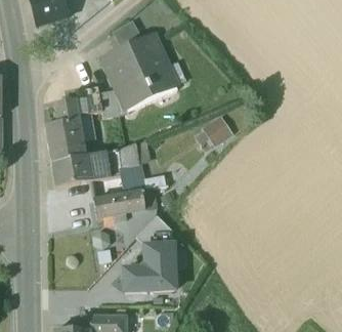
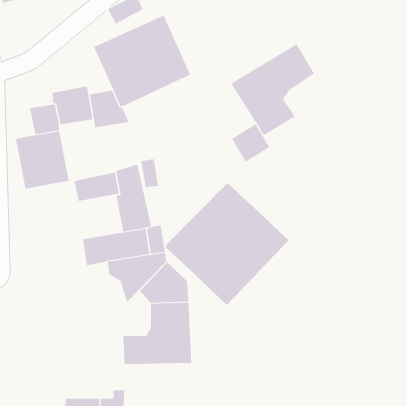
building: none -> [230,43,315,136]
building: [51,156,91,186] -> none
building: none -> [165,182,289,306]

